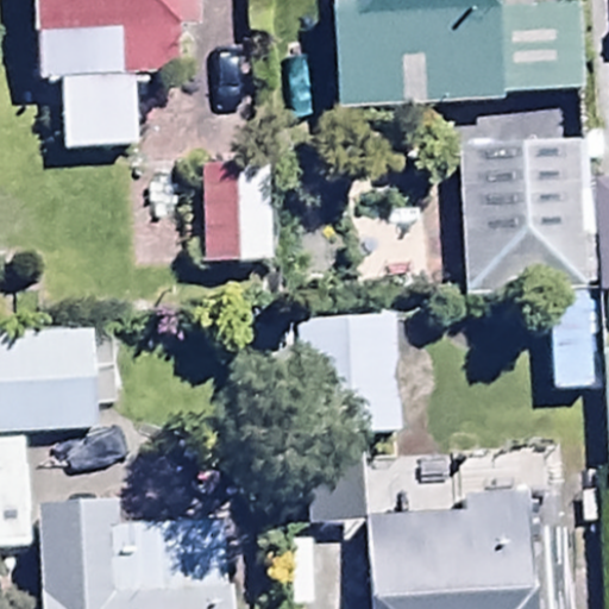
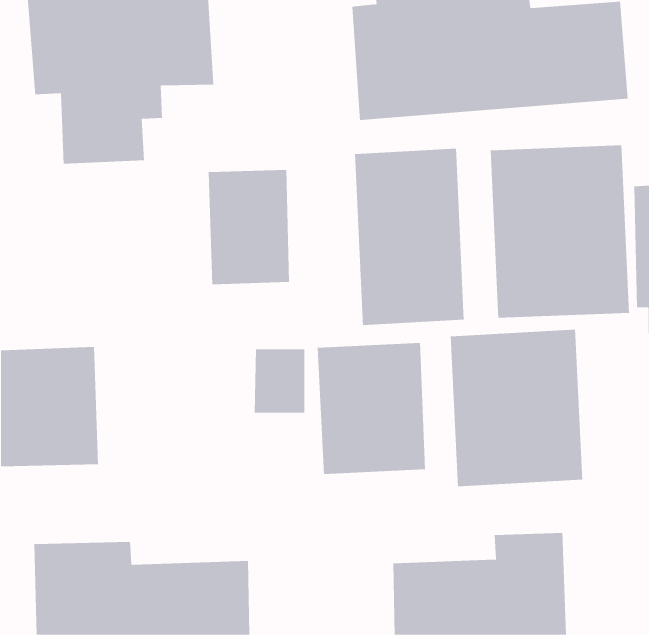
building: none -> [354,148,464,326]
building: none -> [450,329,583,487]

